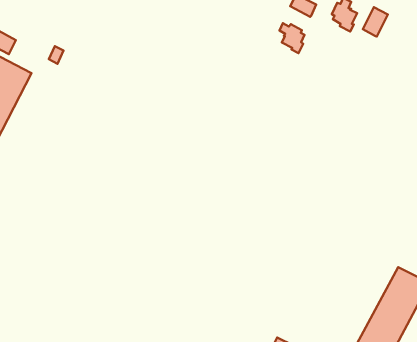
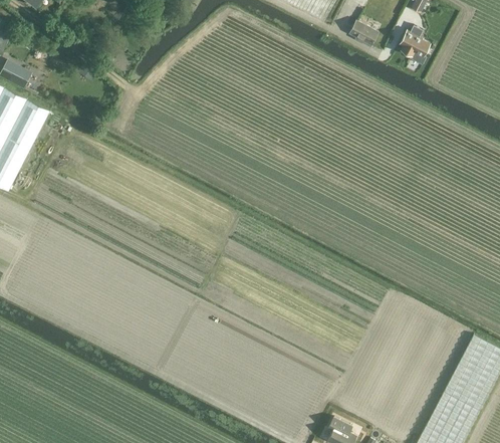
building: [363,7,388,37] -> none
building: [279,23,304,53] -> none

